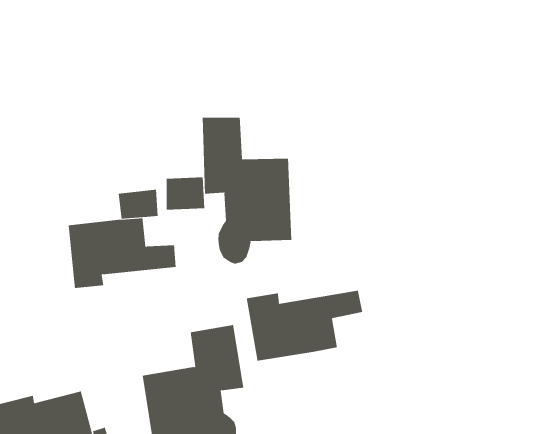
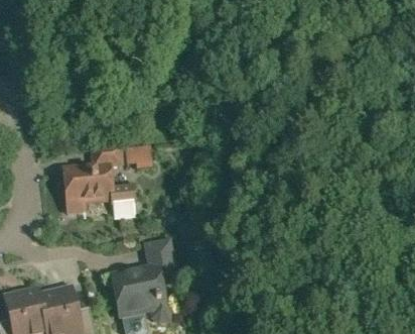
building: [202,117,292,264] -> none
building: [246,290,363,361] -> none

